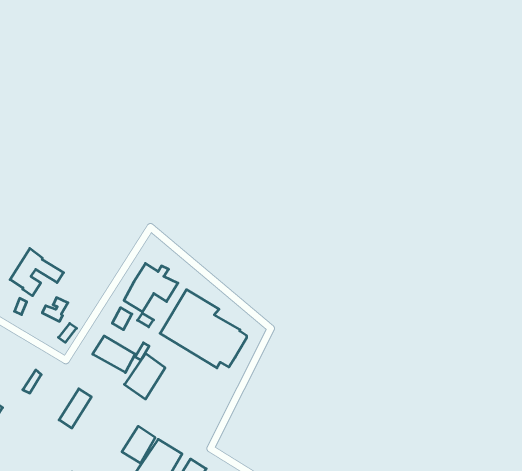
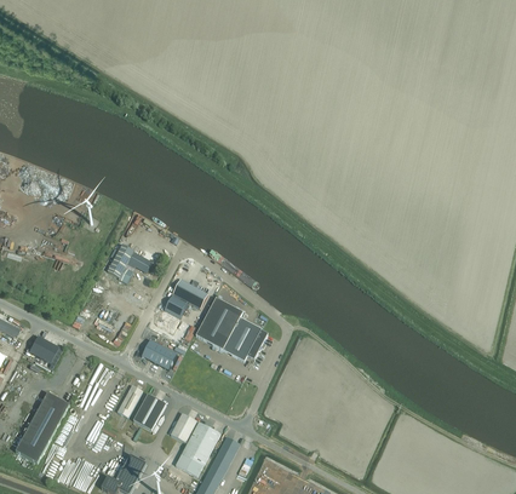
building: [10,248,64,296] -> [107,245,150,283]
building: [124,353,165,399] -> [132,394,165,431]

